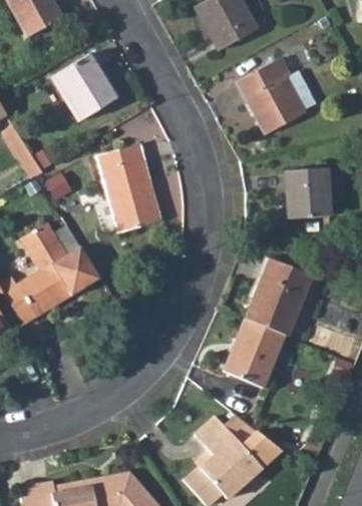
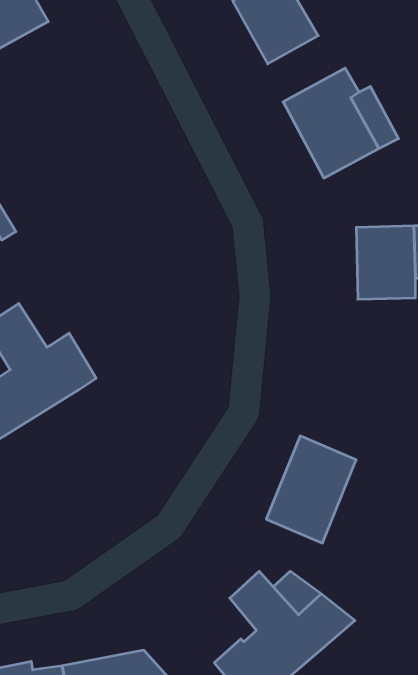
building: [52,54,117,122] -> none
building: [98,143,162,232] -> none
building: [244,260,311,336] -> none

